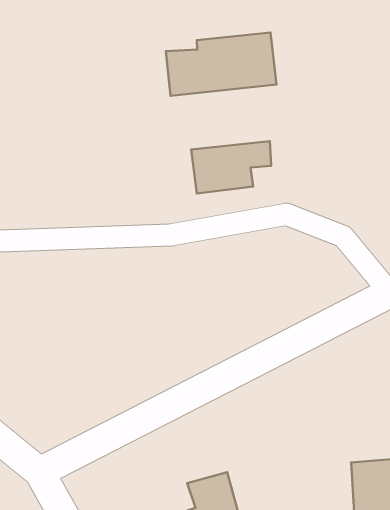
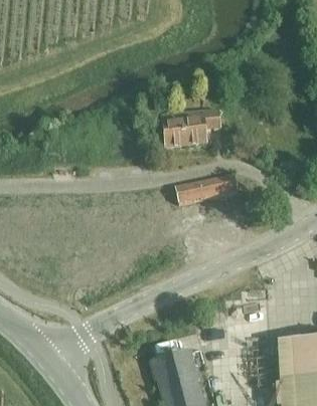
building: [166,33,277,96] -> none
building: none -> [174,173,236,202]

